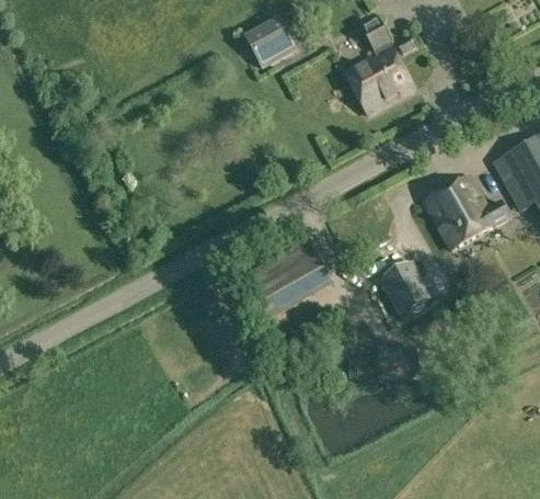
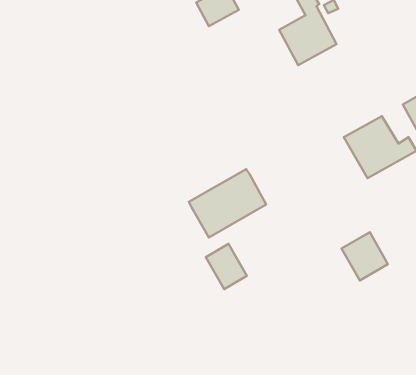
building: [377,258,433,316] -> [342,232,388,280]
building: none -> [206,244,247,289]

